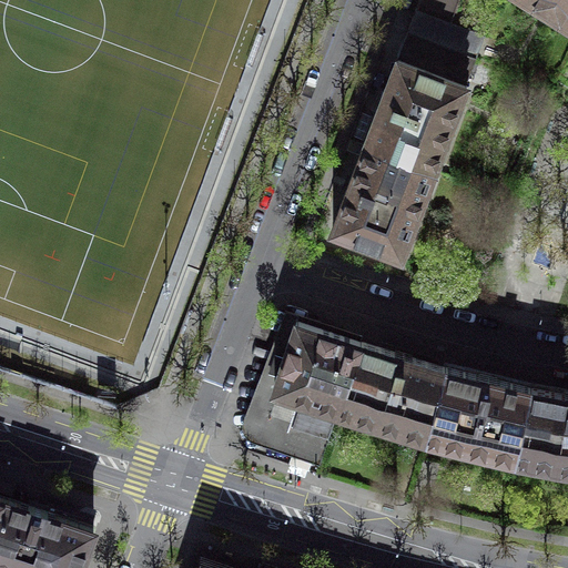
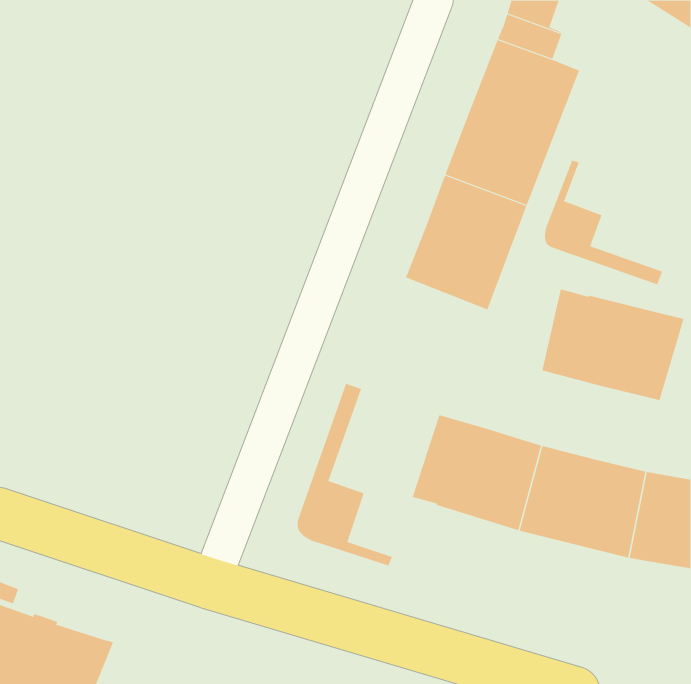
building: none -> [545,160,663,285]
building: none -> [542,288,684,401]
building: [270,325,359,463] -> none

